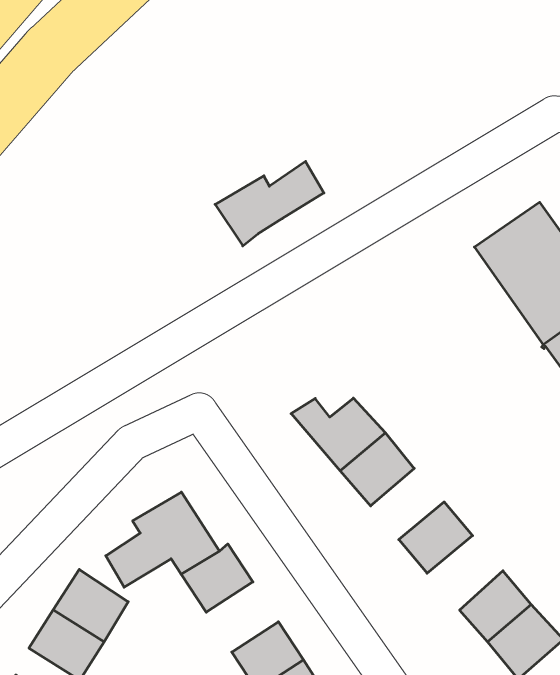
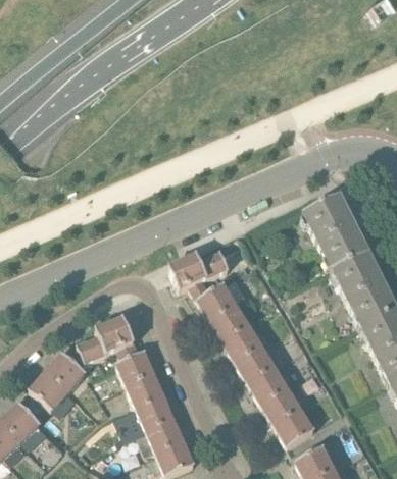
building: [215,161,324,246] -> [168,251,228,290]
building: none -> [224,325,263,362]
building: none -> [248,366,289,405]
building: none -> [127,372,164,408]

